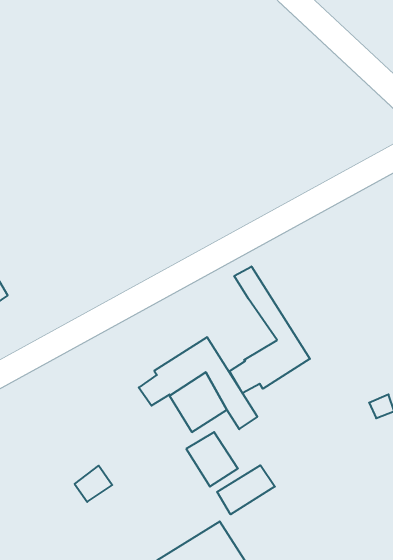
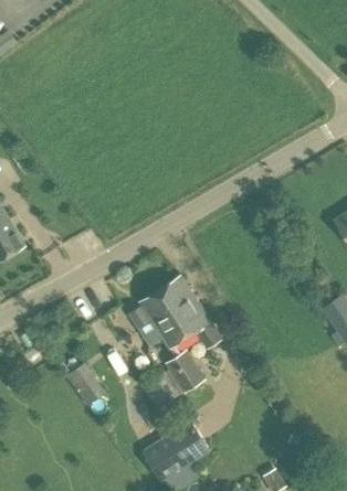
building: [230,266,310,393] -> none
building: [217,465,275,514] -> none

